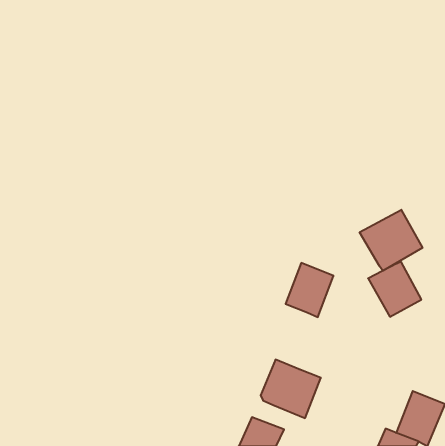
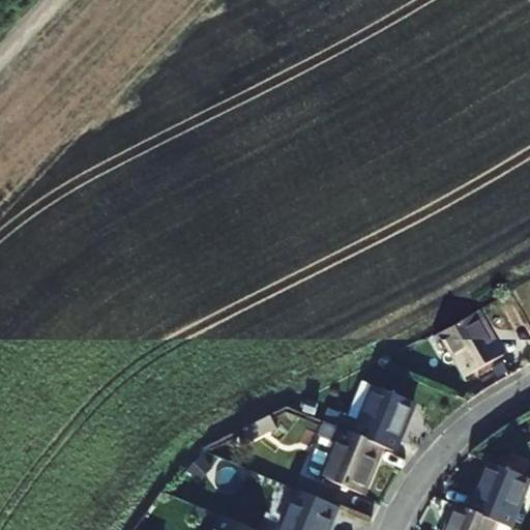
building: [360,210,422,271] -> none
building: [286,263,334,317] -> [356,389,413,453]

